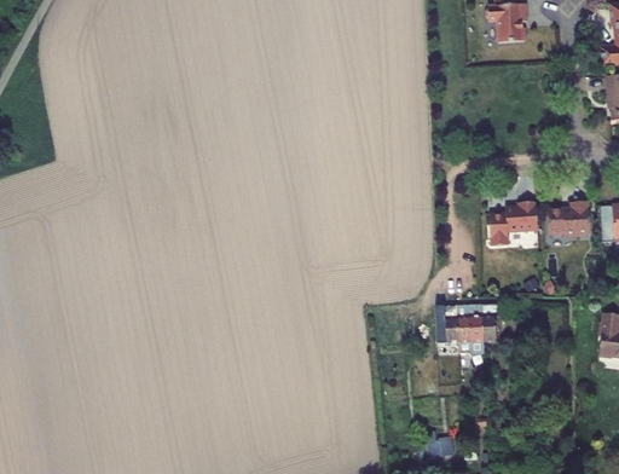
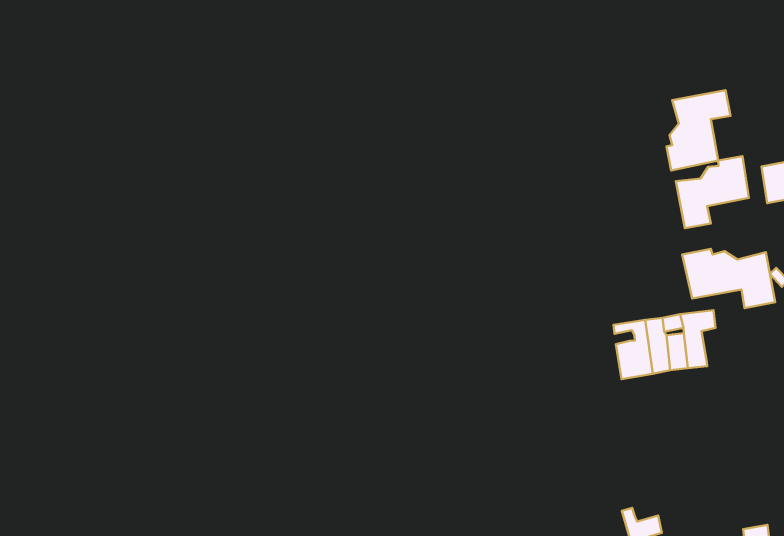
building: none -> [666,90,731,171]
building: none -> [682,249,775,308]

